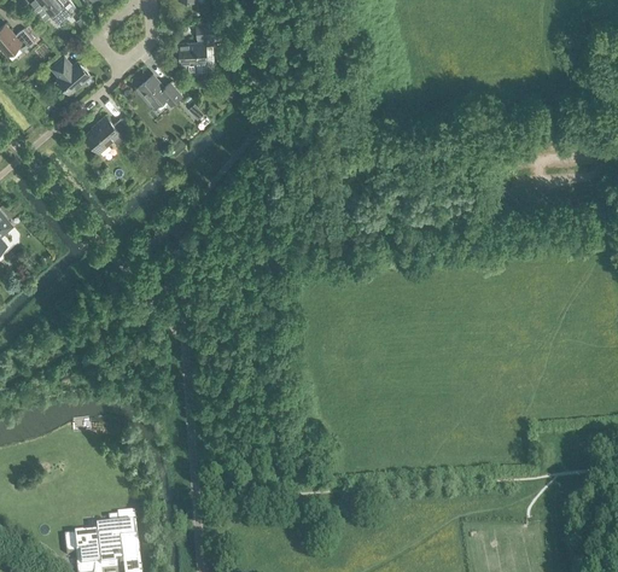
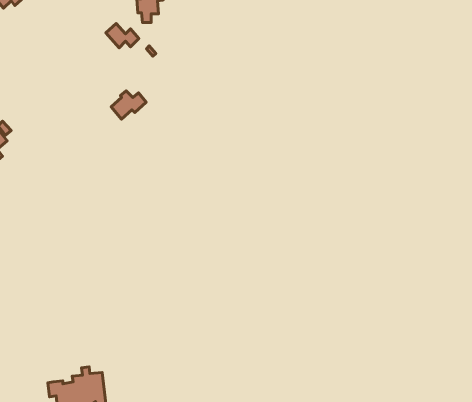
building: [49,56,88,91] -> none
building: [84,116,129,152] -> [111,91,146,119]

